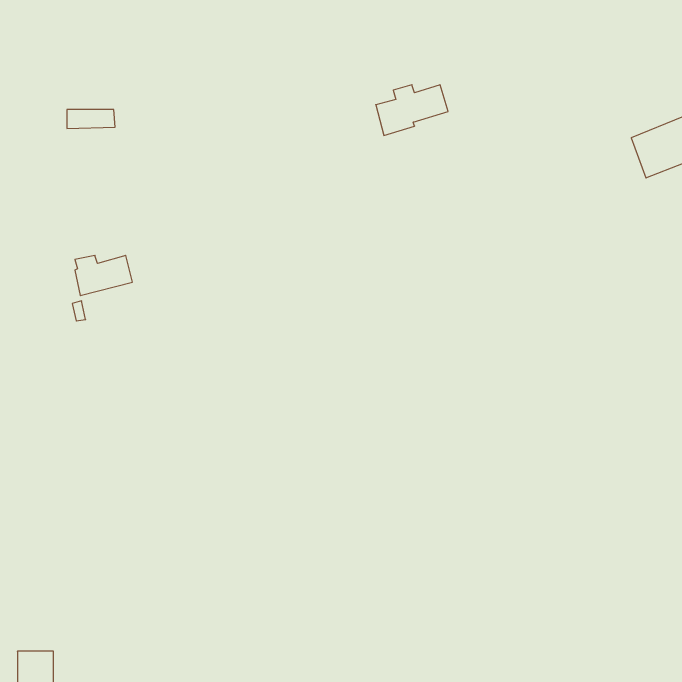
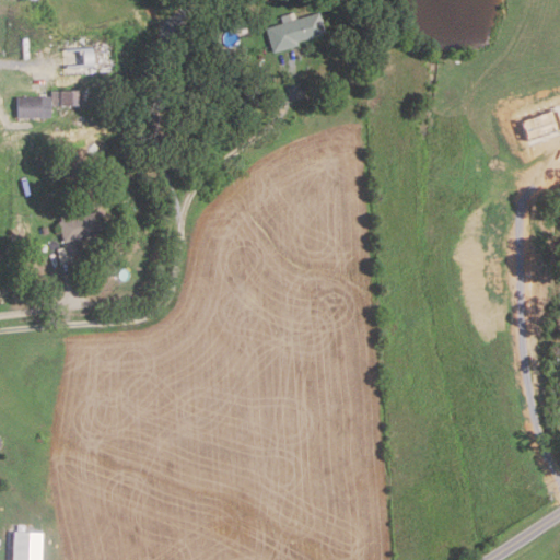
building: [376,85,448,135] -> [265,12,324,54]
building: none -> [20,97,55,118]

